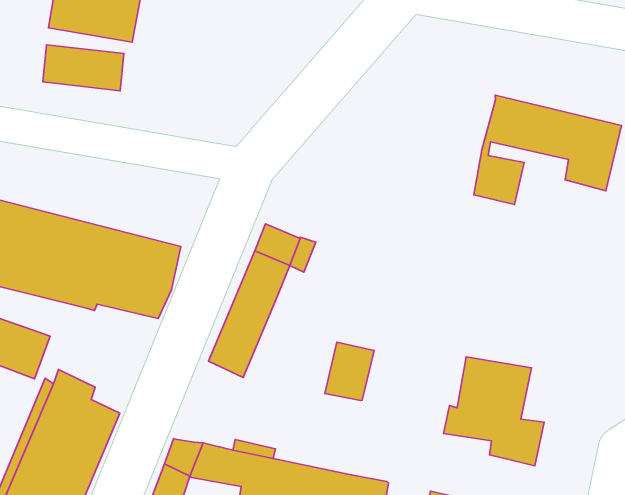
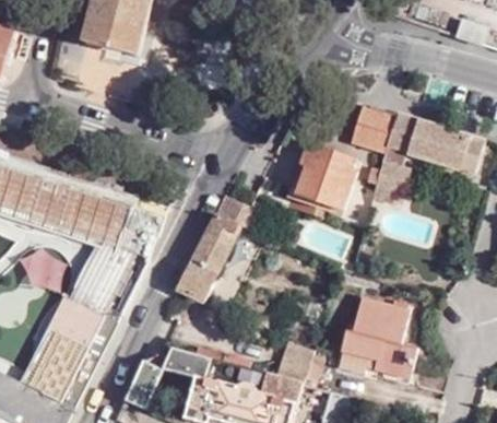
building: none -> [351,106,394,152]
building: none -> [295,144,357,211]
building: none -> [71,244,133,322]
building: [325,342,374,400] -> [274,341,311,384]

